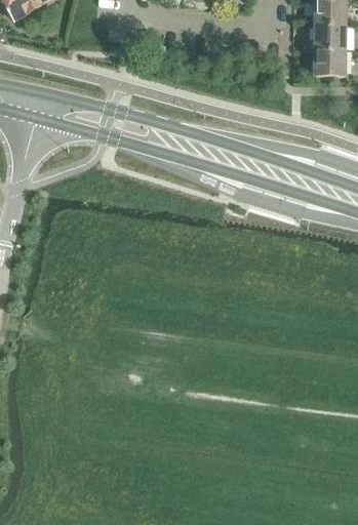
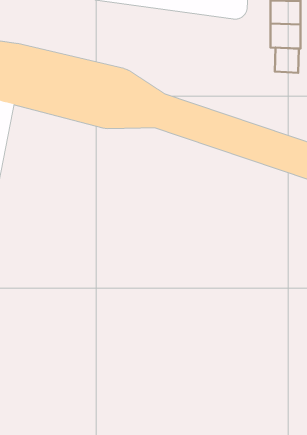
building: none -> [275,48,299,73]

